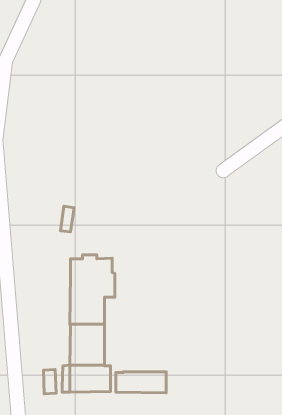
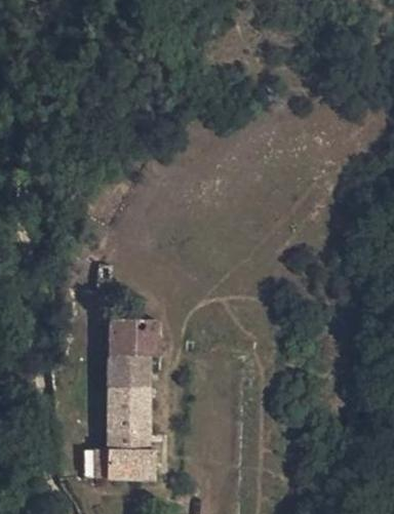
building: [116,372,166,393] -> none

